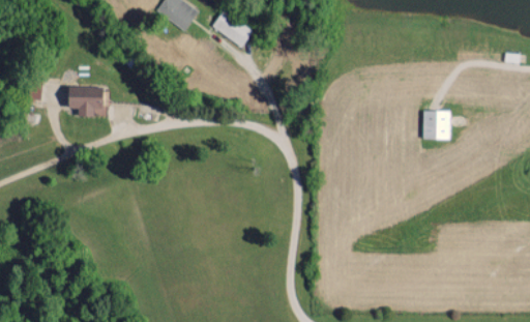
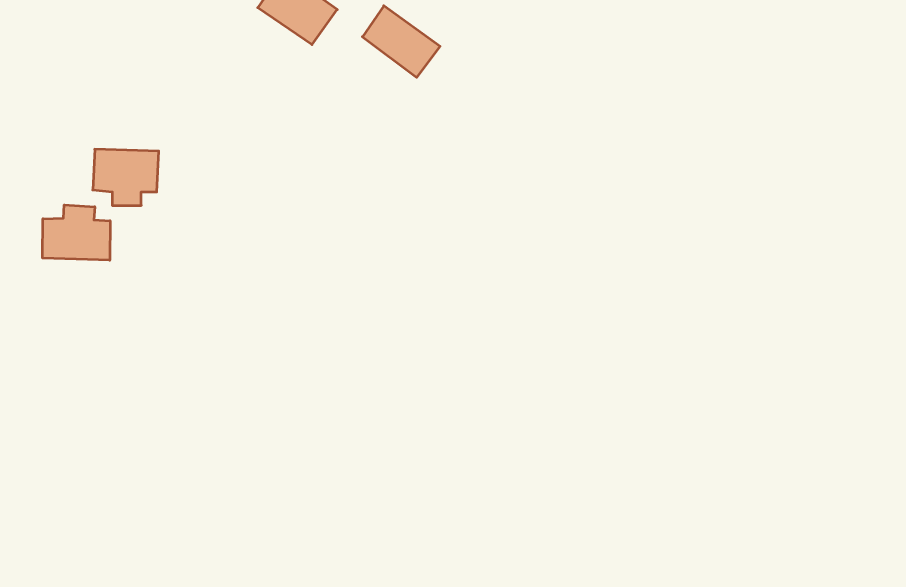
building: [423,111,450,140] -> none
building: none -> [43,205,110,260]

